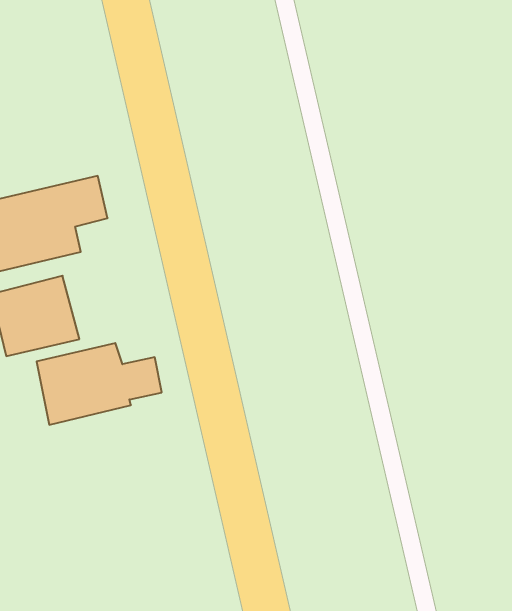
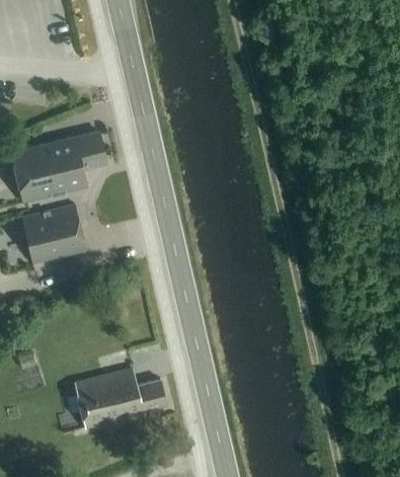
building: [37,343,162,425] -> [74,368,164,426]

